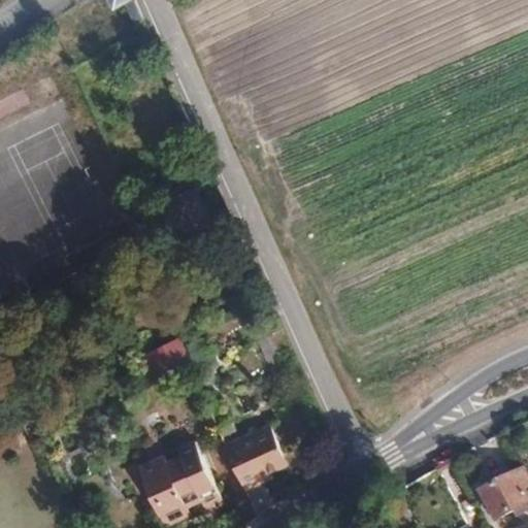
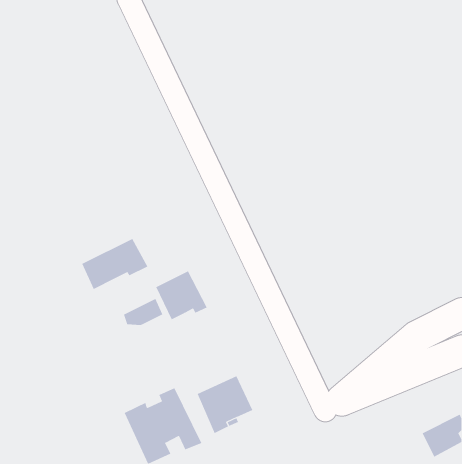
building: none -> [81,238,148,290]
building: none -> [155,270,208,320]

